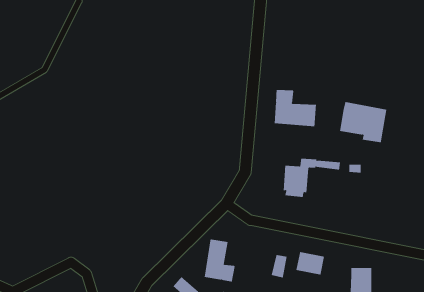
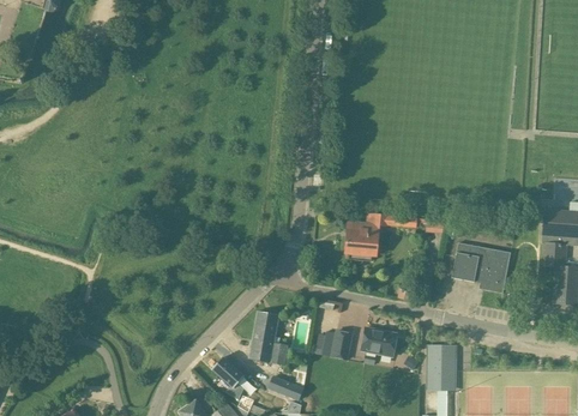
building: [274,89,316,127] -> none
building: [339,102,387,143] -> [451,242,510,293]

